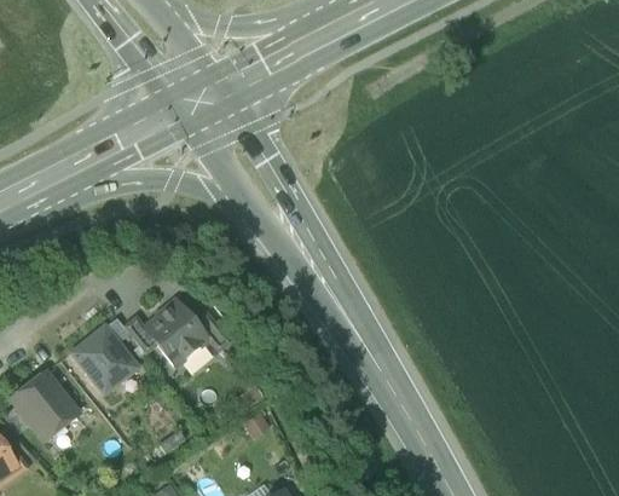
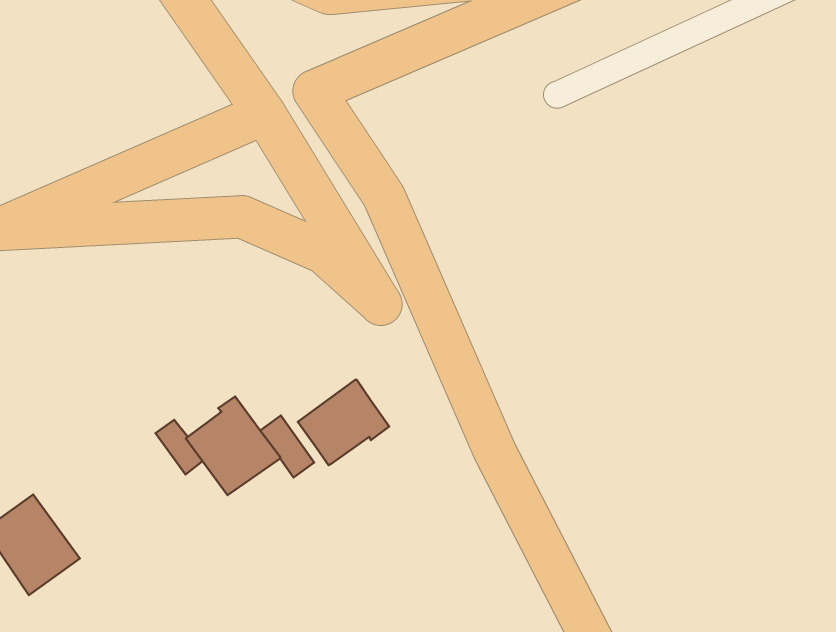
building: none -> [298,380,389,465]
building: [75,323,138,387] -> none

